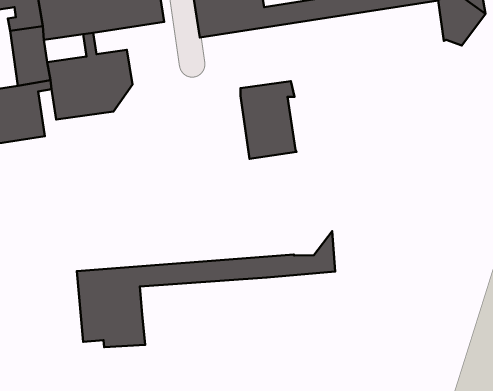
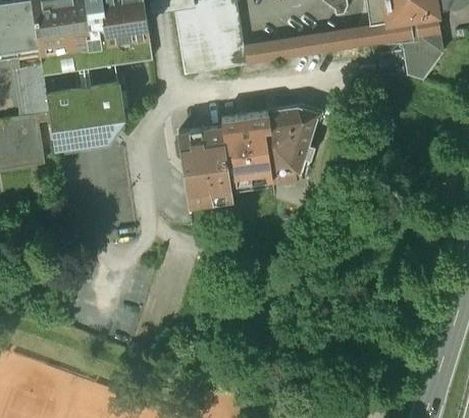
building: none -> [264,106,319,176]
building: none -> [177,127,231,205]
building: [77,231,335,347] -> none

